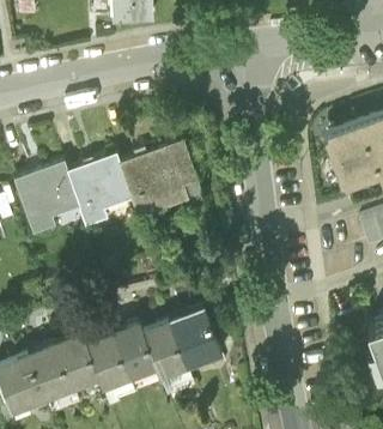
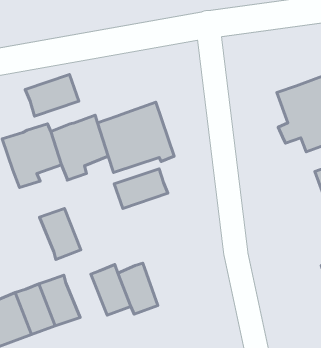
building: none -> [25,75,79,116]
building: none -> [114,169,168,209]
building: [170,303,221,363] -> none
building: [85,328,130,385] -> [40,209,81,259]

